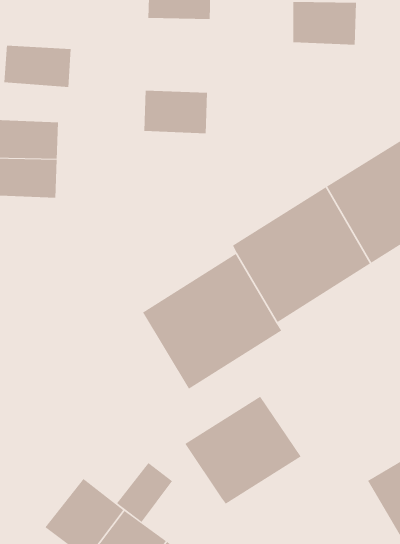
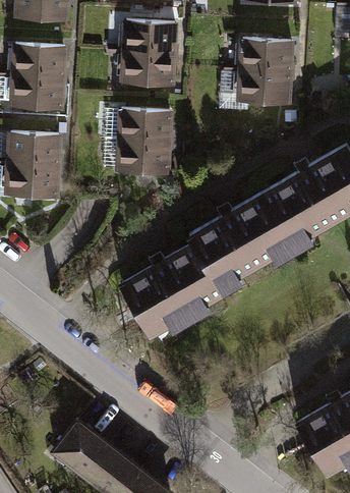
building: none -> [13,45,67,77]
building: none -> [124,53,175,87]
building: none -> [239,72,290,107]
building: none -> [121,143,172,177]
building: [185,396,301,504] -> none
building: [116,462,173,523] -> none

